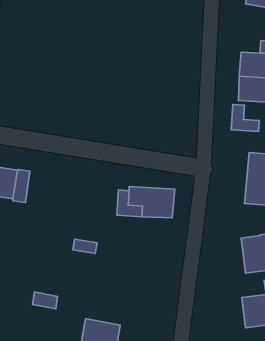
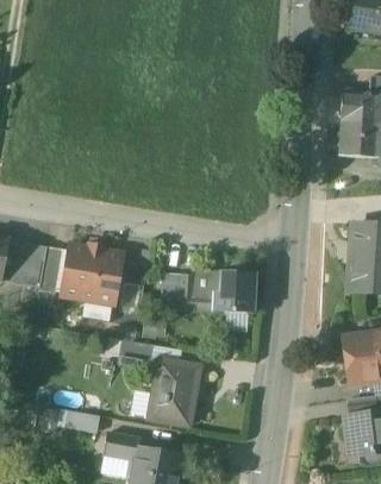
building: [231,104,259,131] -> none
building: none -> [63,245,123,303]
building: none -> [149,358,200,423]
building: none -> [104,433,140,460]

